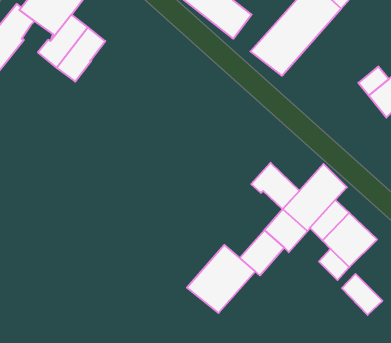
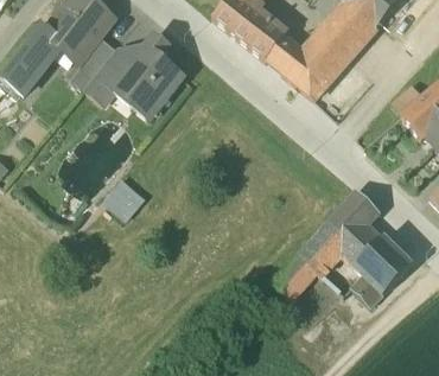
building: none -> [265,34,303,72]
building: none -> [119,36,183,110]
building: none -> [103,176,146,218]
building: [251,163,300,209] -> none
building: [187,245,255,313] -> none
building: [342,274,382,315] -> none

